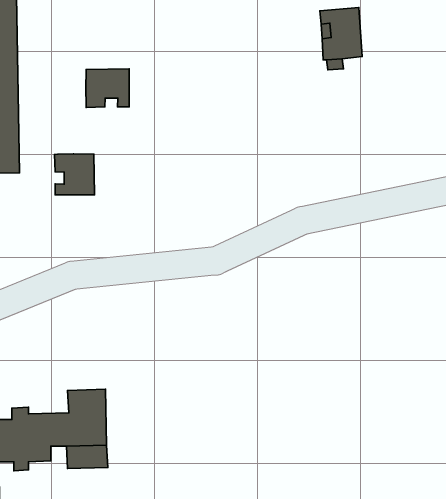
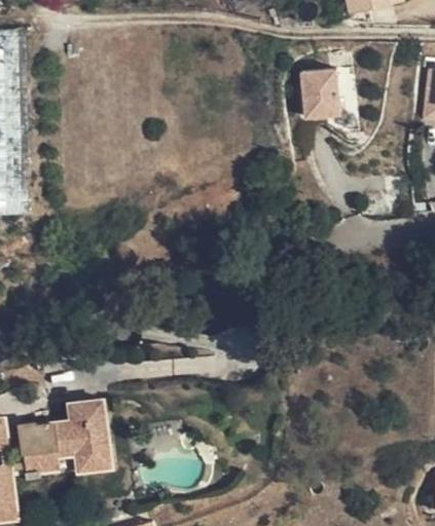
building: [86,69,129,108] -> none
building: [55,154,94,195] -> none

